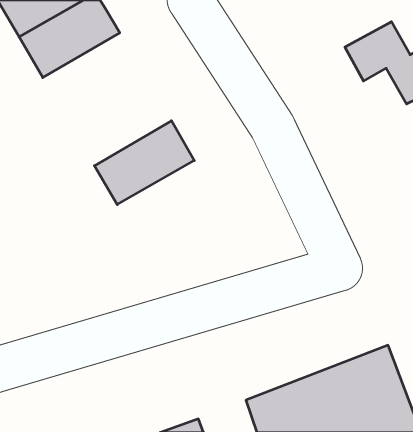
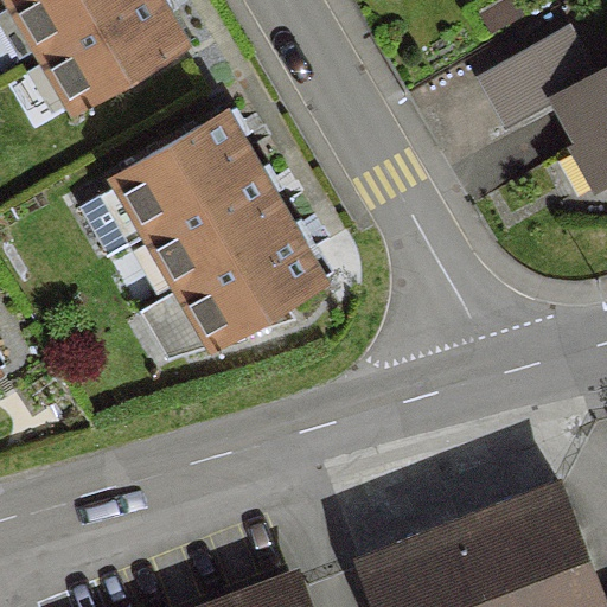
building: none -> [115,113,256,232]
building: none -> [160,225,321,352]

